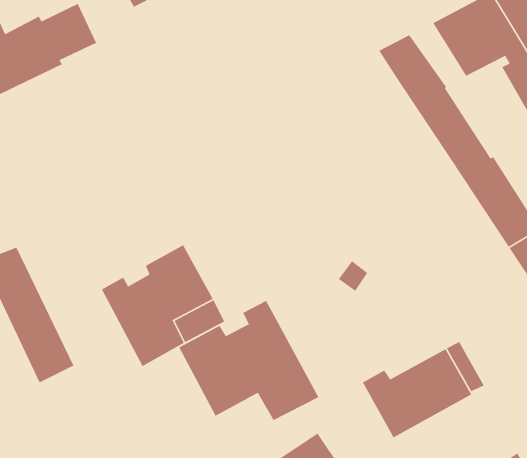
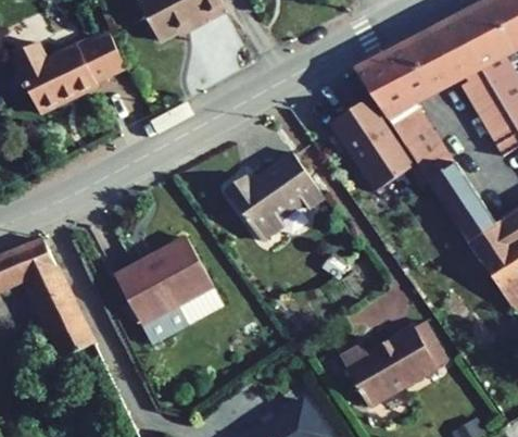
building: none -> [383,46,432,101]
building: none -> [330,95,418,191]
building: none -> [227,152,325,240]
building: [178,300,319,421] -> none

